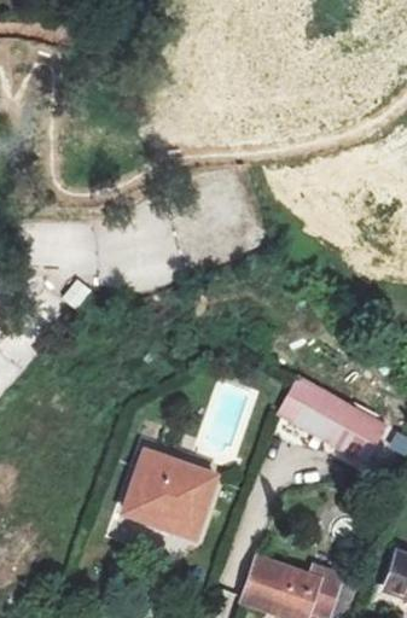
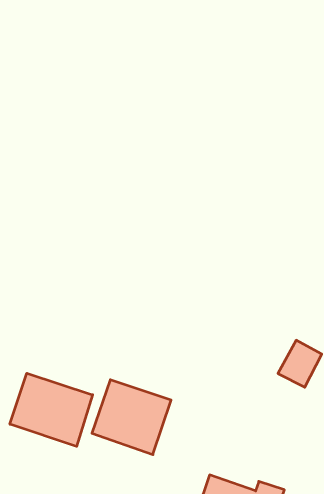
building: [275,374,353,444] -> none
building: none -> [10,373,93,446]

